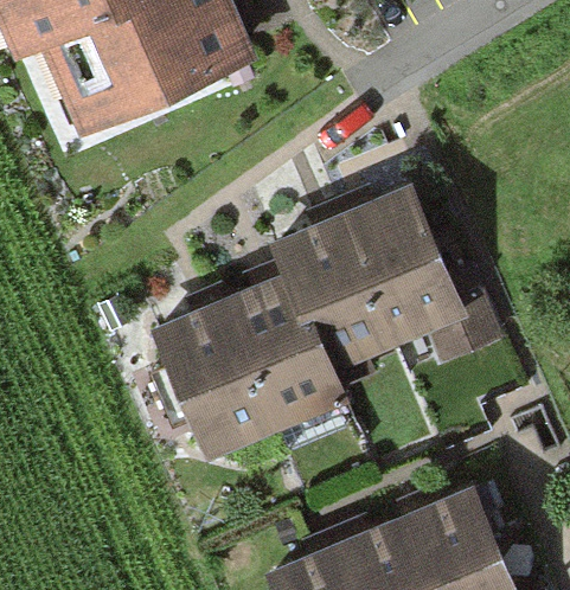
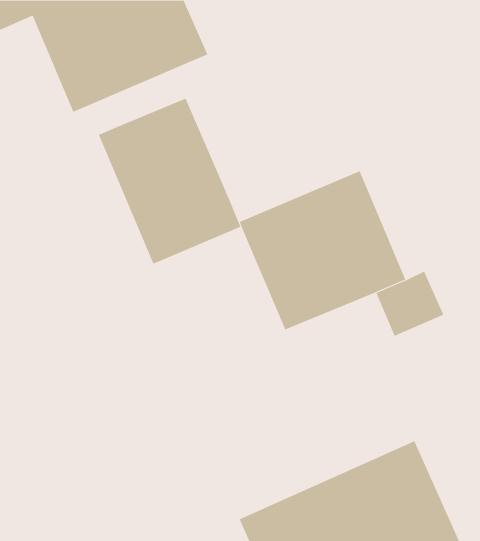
building: none -> [98,98,241,265]
building: [162,269,342,448] -> none

